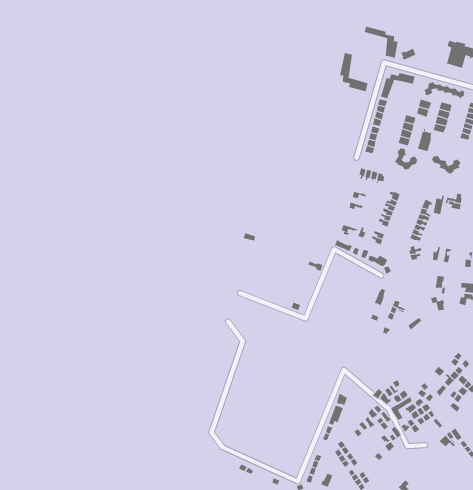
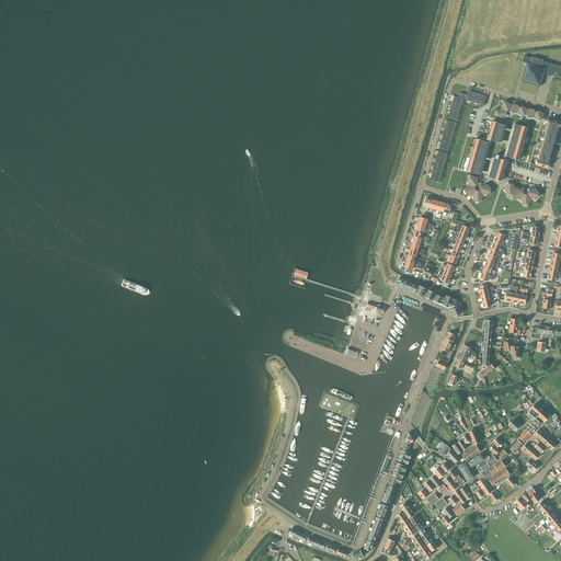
building: [364,26,398,59] -> none
building: [340,52,368,92] -> none

